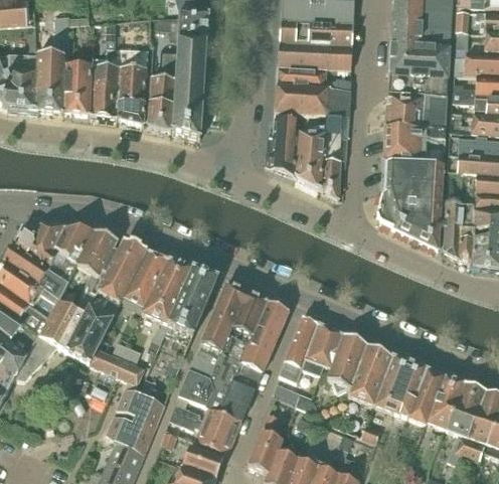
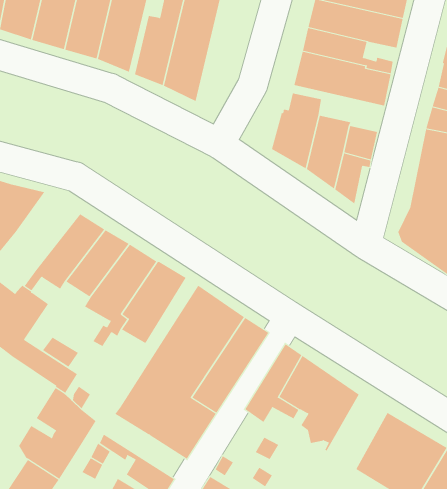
building: [77,228,120,307] -> none
building: [351,345,393,405] -> none
building: [173,402,242,437] -> none

